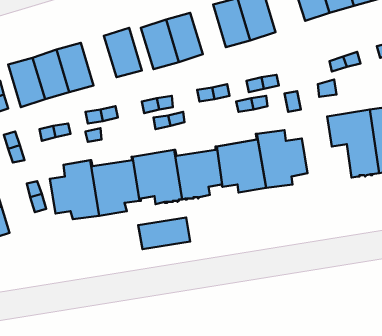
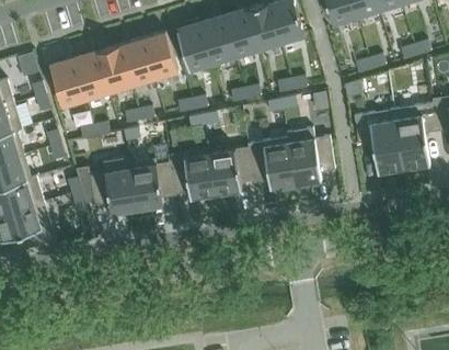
building: none -> [223,10,257,57]
building: none -> [119,39,153,87]
building: [138,217,190,249] -> none

